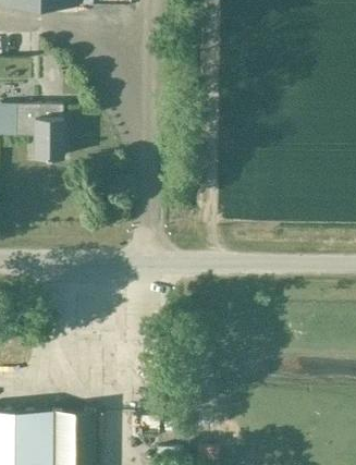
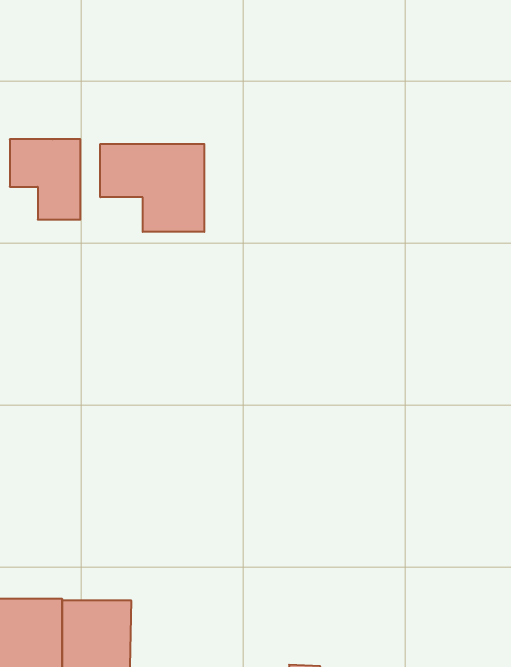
building: none -> [100,144,204,232]

